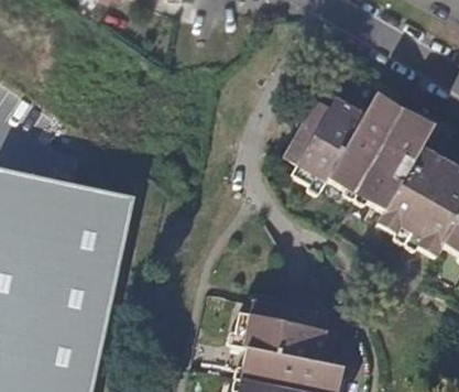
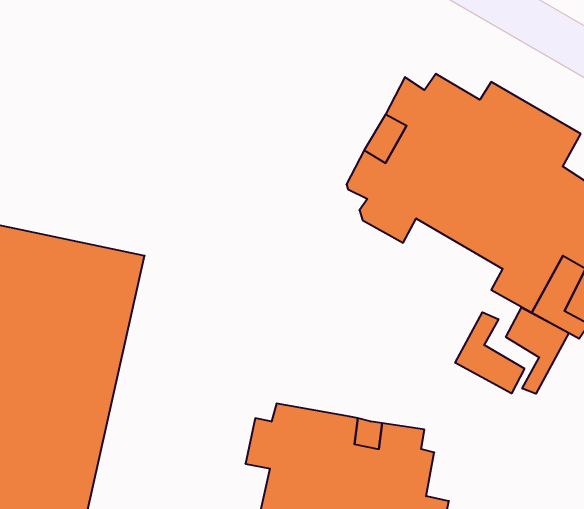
building: none -> [506,307,569,394]
building: none -> [455,312,524,393]

